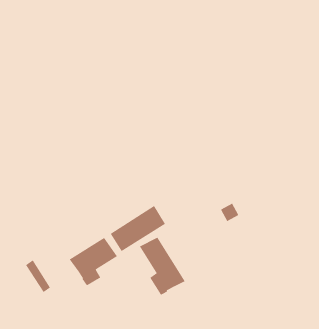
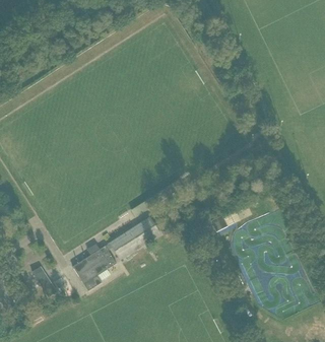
building: [139,237,185,295] -> none

